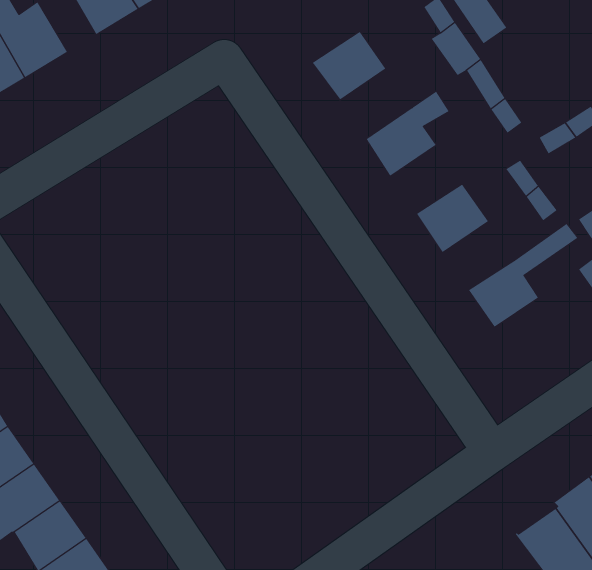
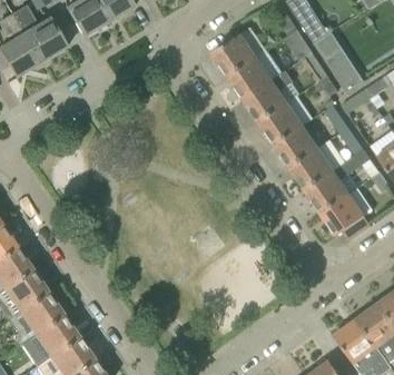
building: none -> [323,47,363,92]
building: none -> [228,57,272,99]
building: none -> [258,102,302,144]
building: none -> [289,148,333,189]
building: none -> [321,194,371,240]

